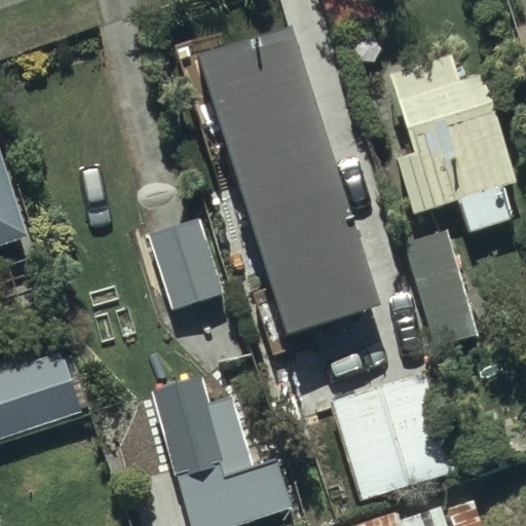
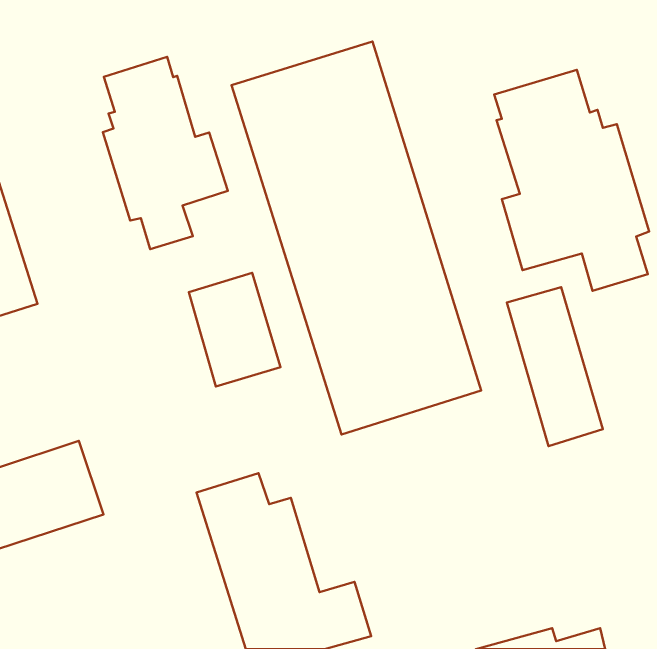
building: none -> [103,57,228,249]
building: [328,372,453,499] -> none

